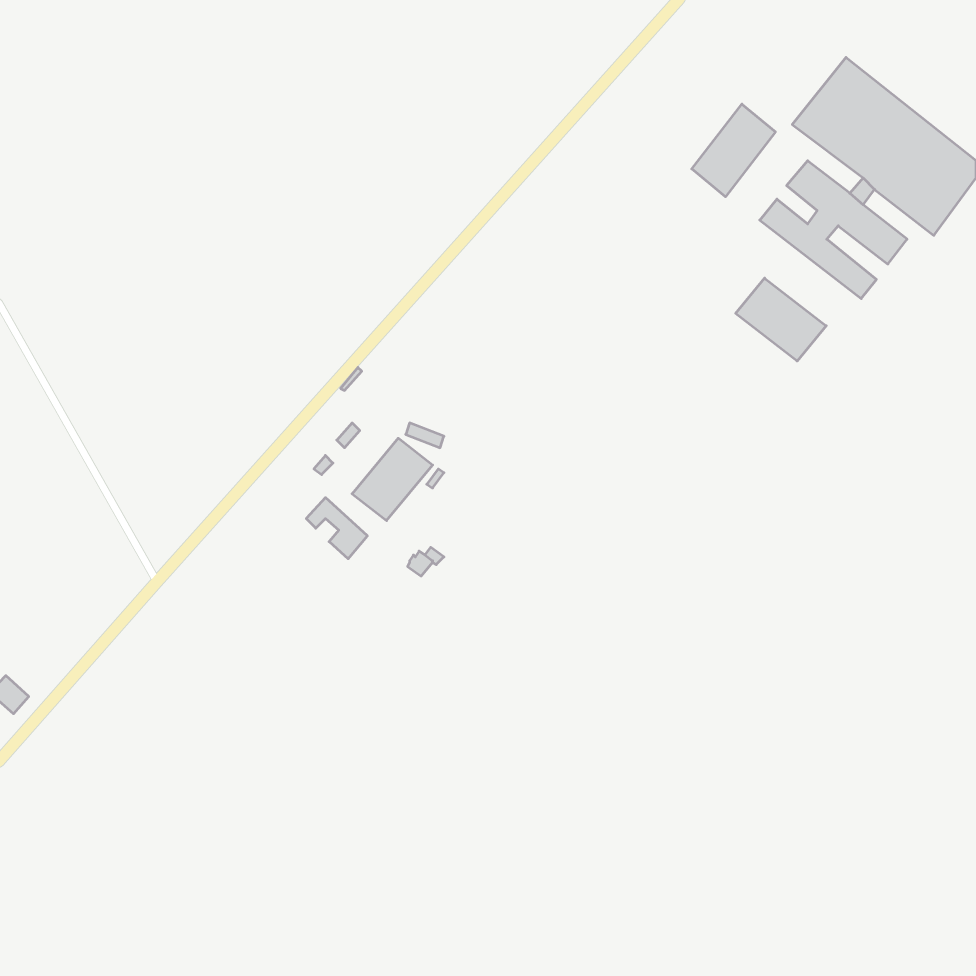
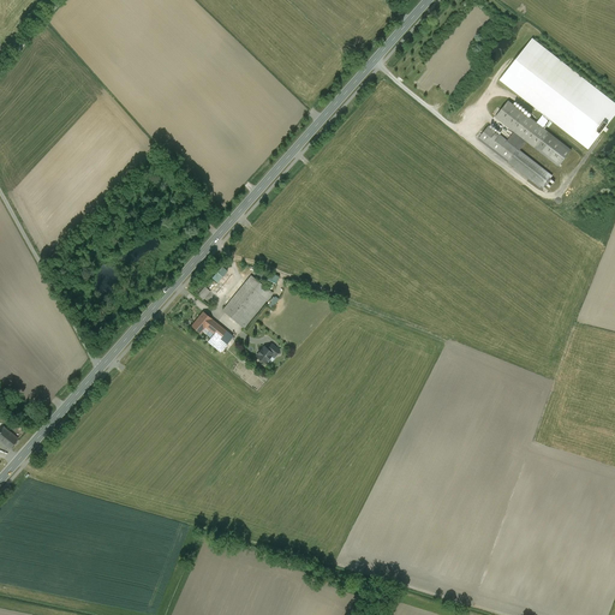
building: [692,104,775,197] -> none
building: [736,278,826,361] -> none

